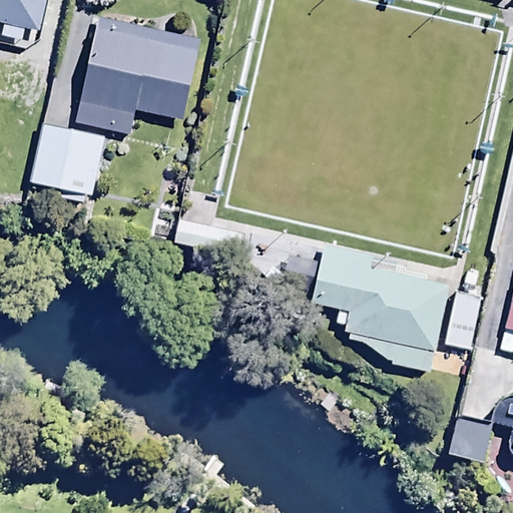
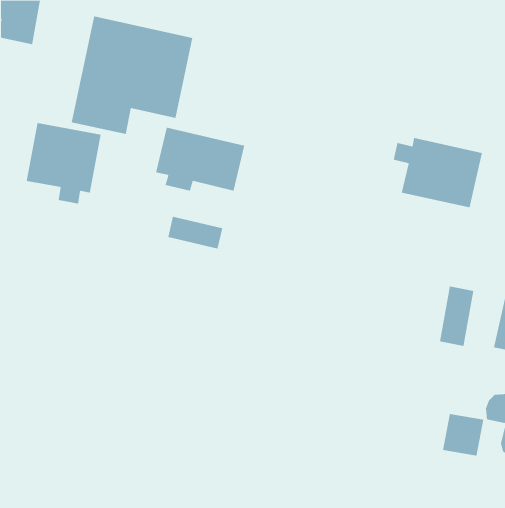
building: none -> [156,127,245,192]
building: none -> [393,137,482,208]
building: [312,243,447,373] -> none

